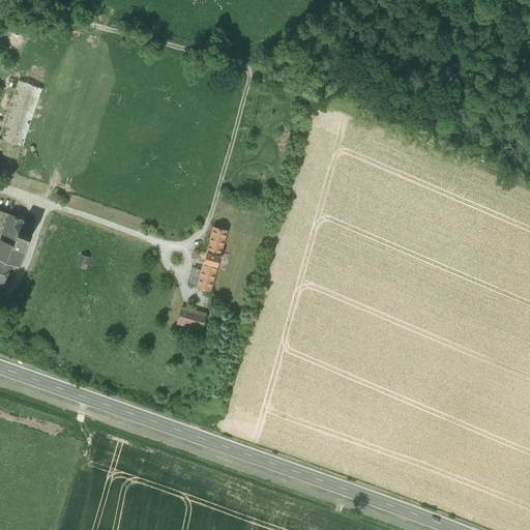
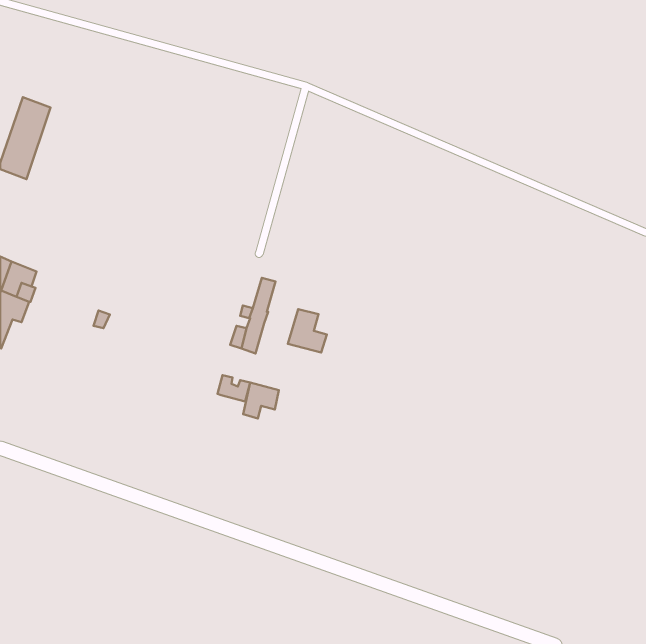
building: none -> [288,309,327,352]
building: none -> [243,383,279,418]

